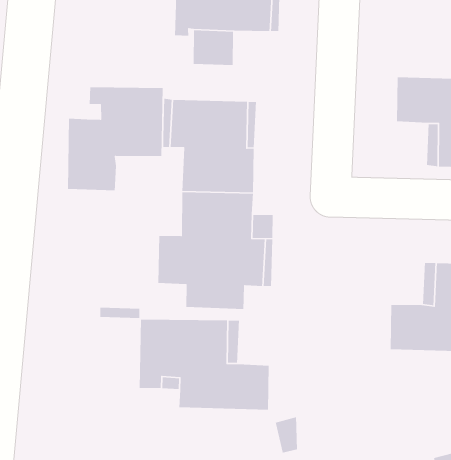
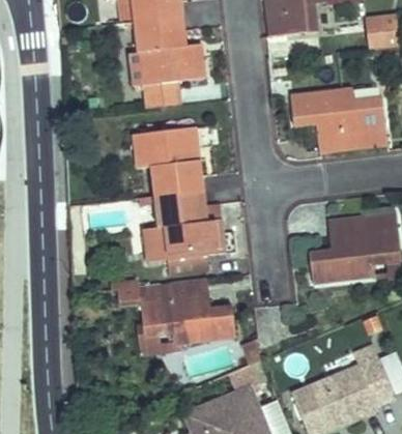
building: [67,87,164,191] -> none

